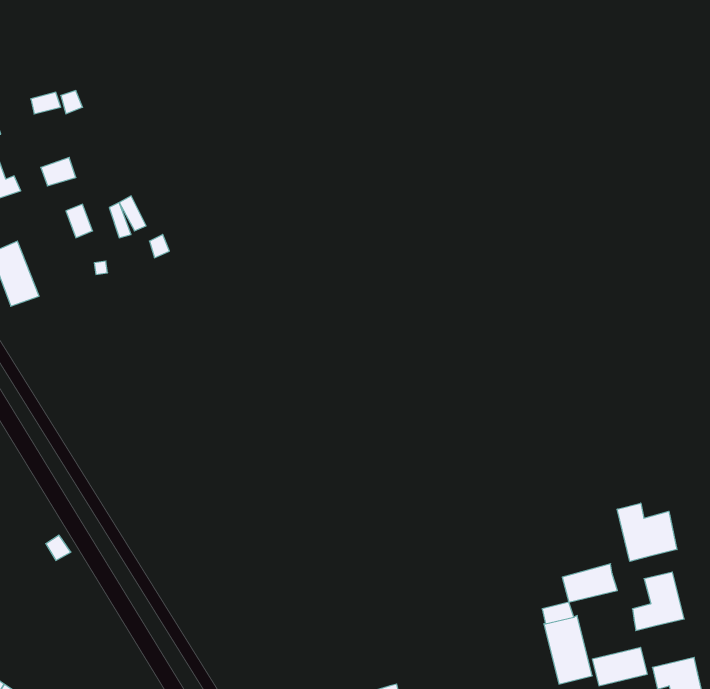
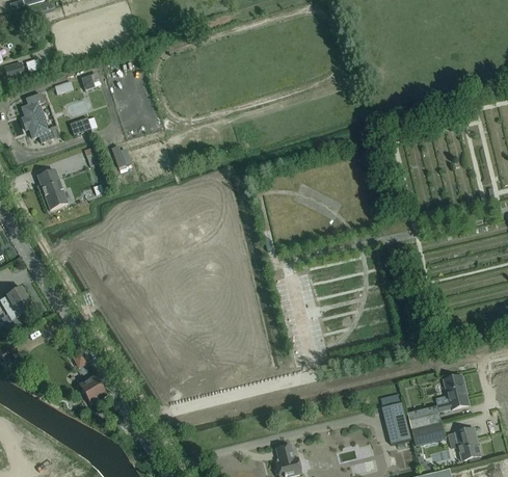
building: [617,503,677,561] -> none
building: [562,564,617,602] -> [407,404,442,428]
building: none -> [78,374,107,404]

